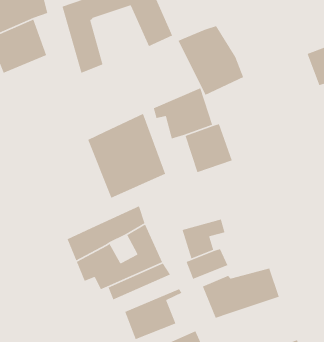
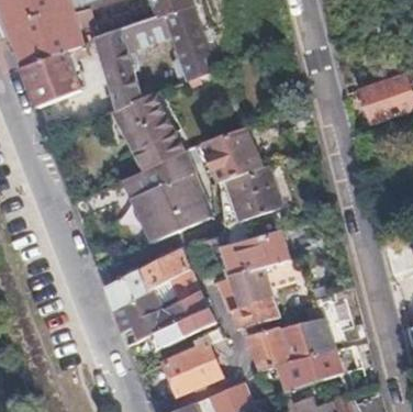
building: [178,25,244,96] -> [114,96,186,171]
building: none -> [191,230,286,277]
building: none -> [278,349,341,391]

